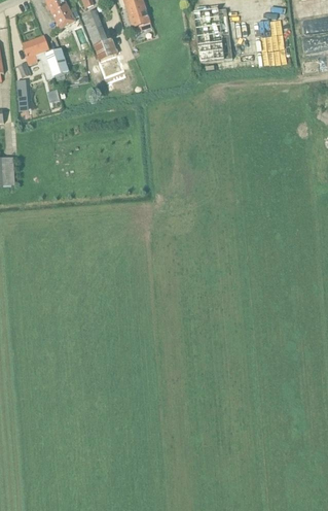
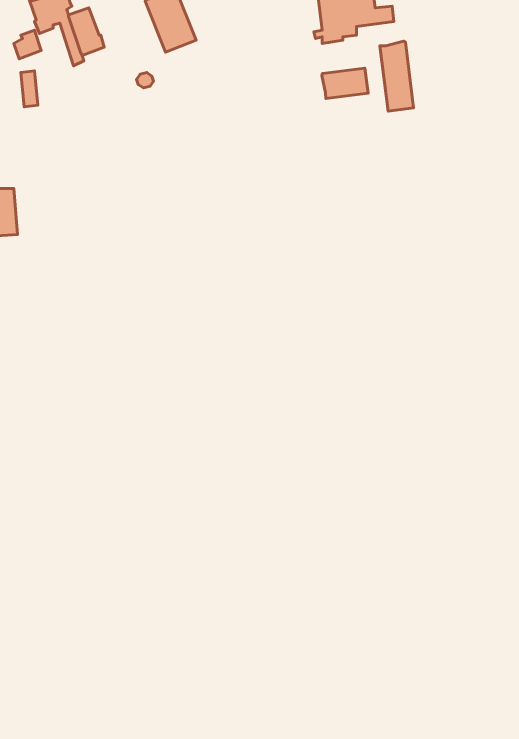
building: none -> [380,41,414,111]
building: none -> [322,68,368,98]

